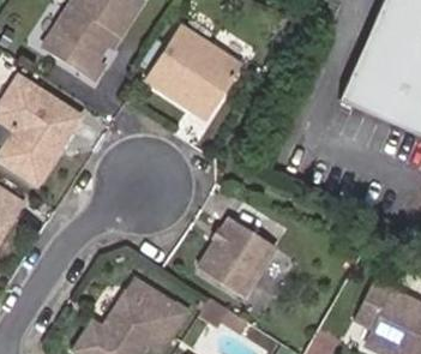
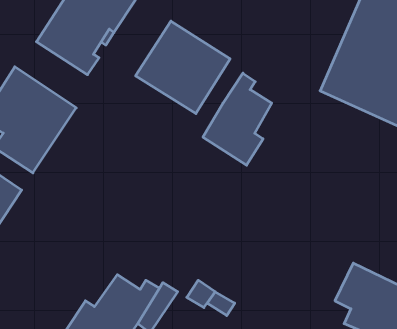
building: none -> [203,73,272,165]
building: [198,217,277,296] -> none

